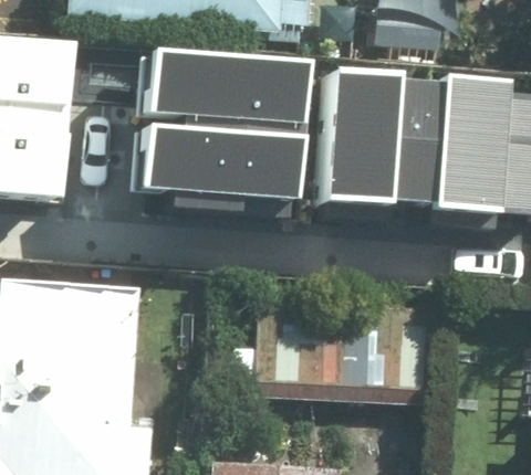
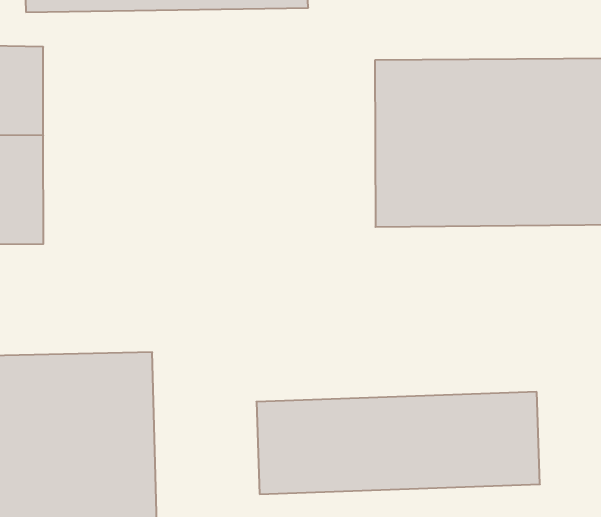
building: [138,48,299,125] -> none
building: [128,129,290,207] -> none

